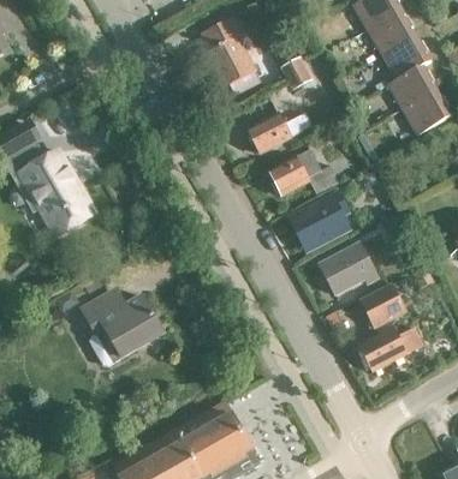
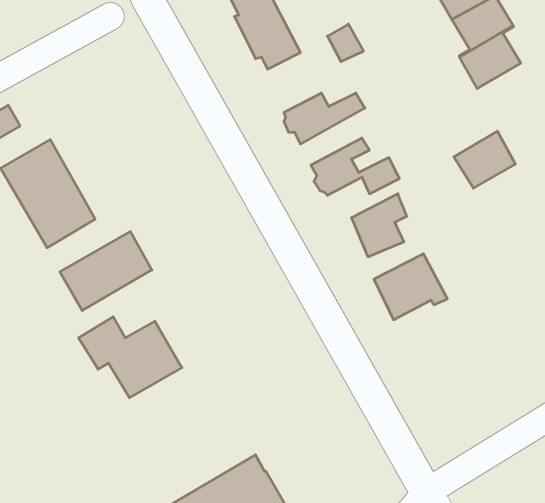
building: [402,89,451,134] -> [454,131,515,188]
building: none -> [60,232,152,311]
building: [359,286,424,371] -> none

